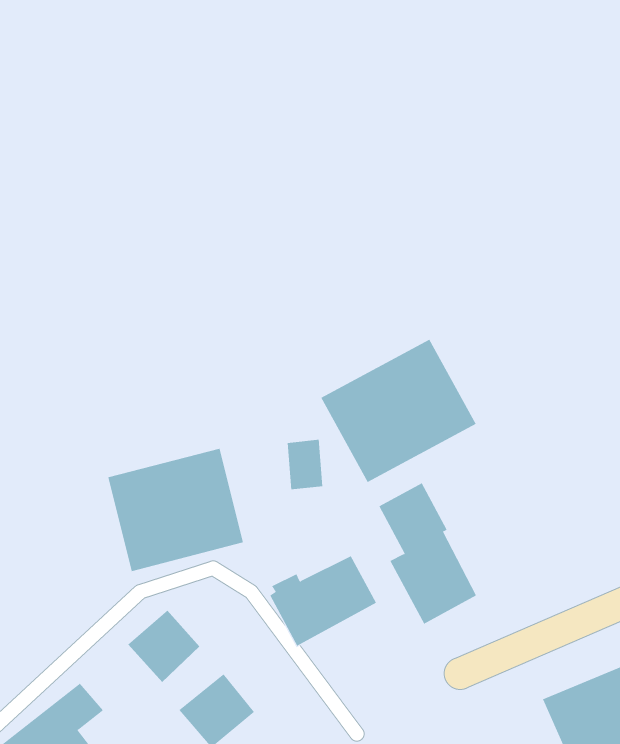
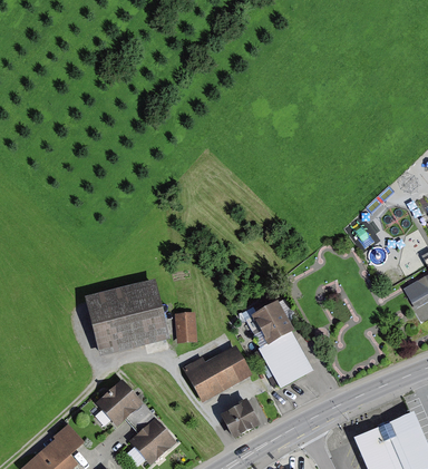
building: [321,339,476,483] -> none
building: [287,439,323,490] -> [174,312,196,343]
building: none -> [221,401,259,439]

